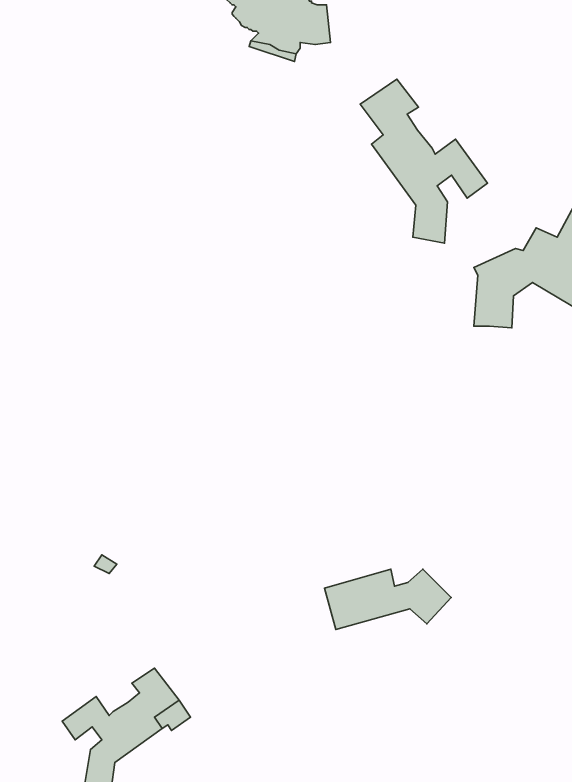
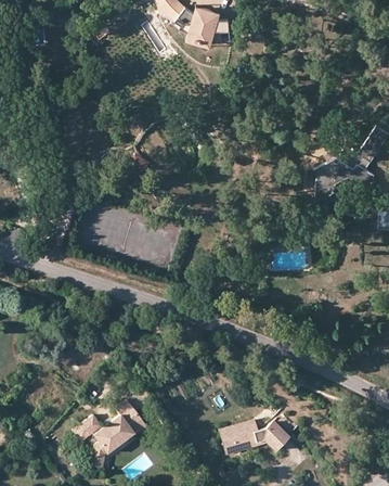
building: [360,79,487,243] -> none
building: [325,569,451,630] -> [218,419,290,453]

